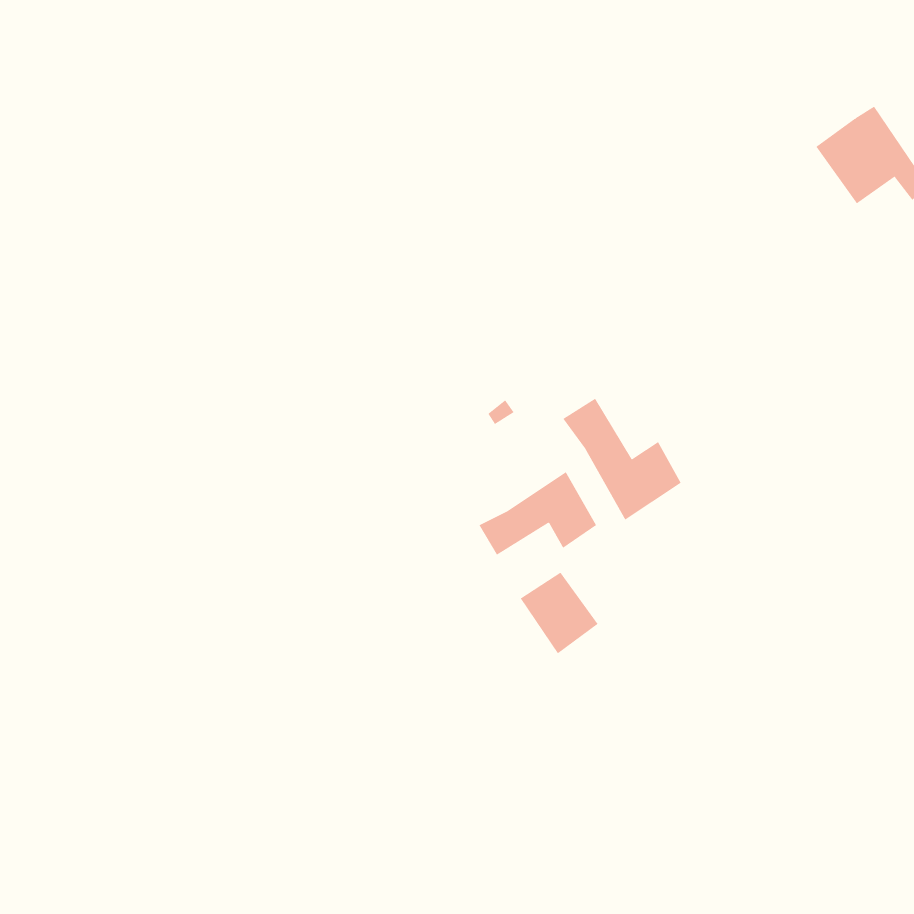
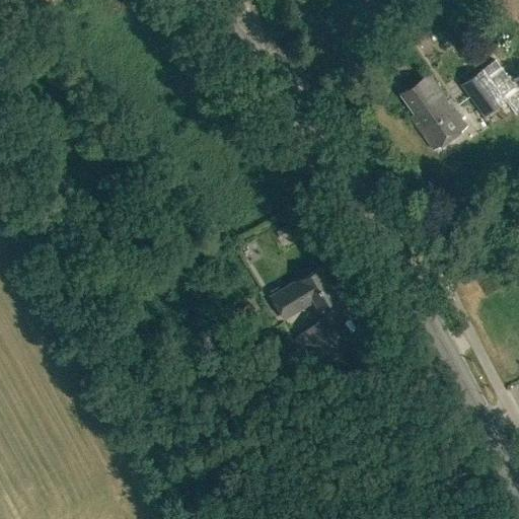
building: none -> [401,74,467,150]
building: [563,398,681,521] -> none

